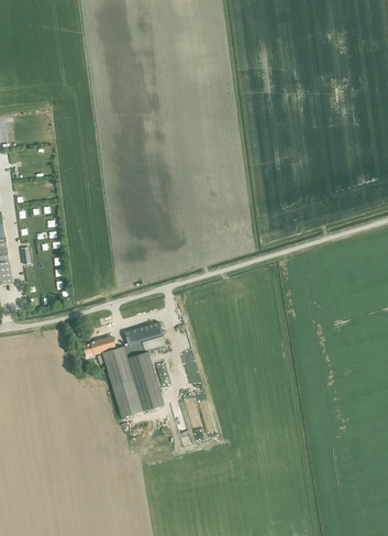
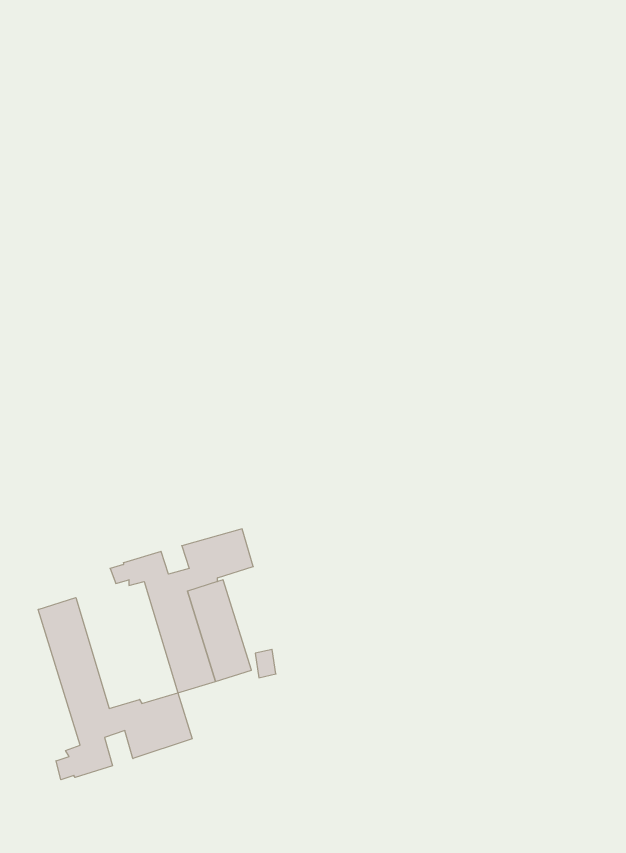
building: none -> [38,598,192,780]

